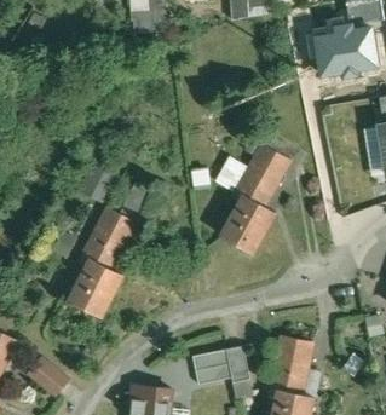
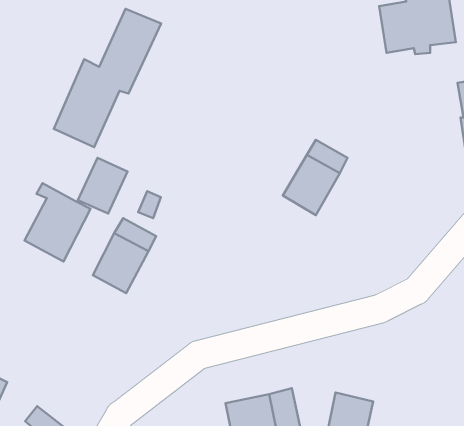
building: none -> [54,9,161,147]
building: [220,189,273,252] -> none
building: [69,253,122,316] -> [24,183,91,261]

